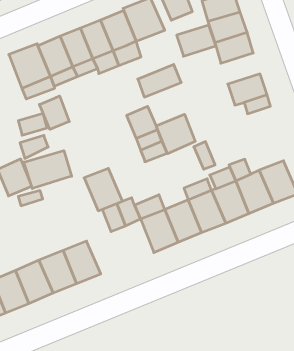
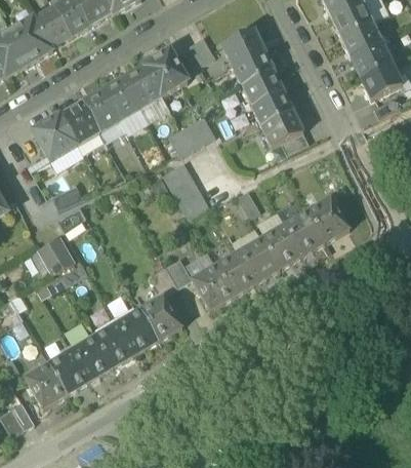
building: [177,25,216,56] -> [251,90,293,126]
building: [39,96,69,129] -> none
building: [156,114,195,154] -> none
building: [24,151,72,189] -> none
building: [84,168,123,211] -> [139,296,182,341]

